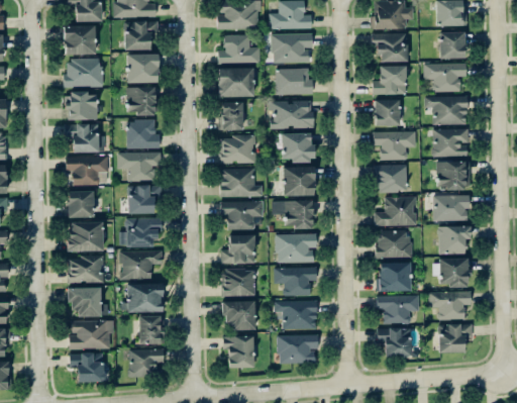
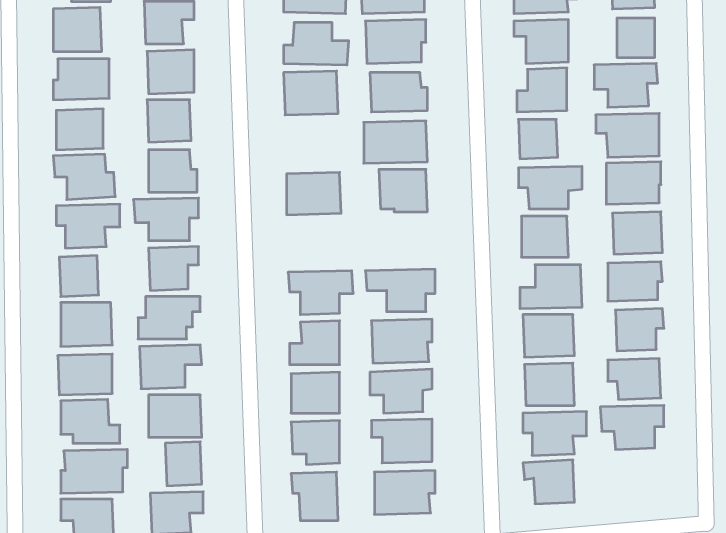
building: [220,102,243,130] -> none
building: [283,167,314,196] -> none
building: [221,168,263,198] -> none
building: [438,324,473,354] -> none

